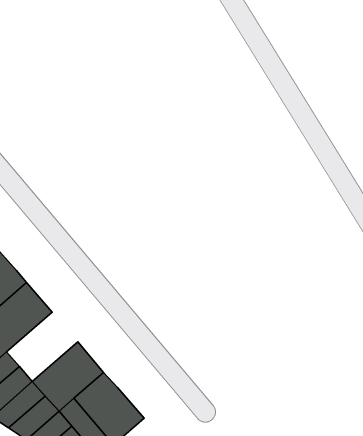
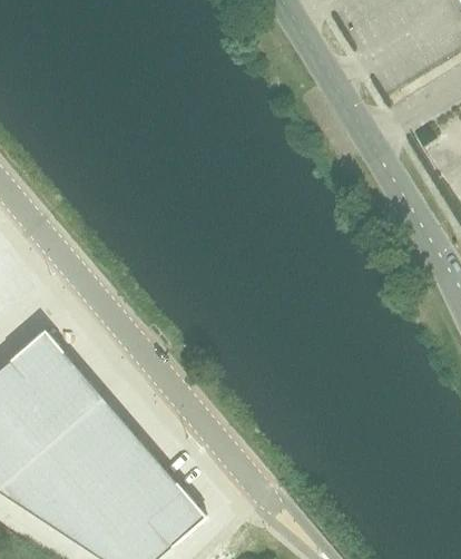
building: none -> [50,399,130,477]

